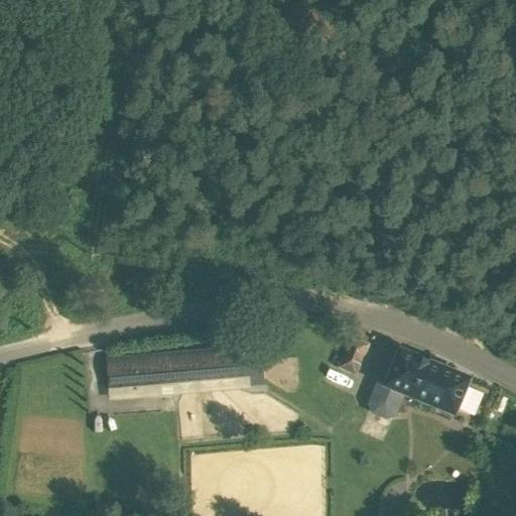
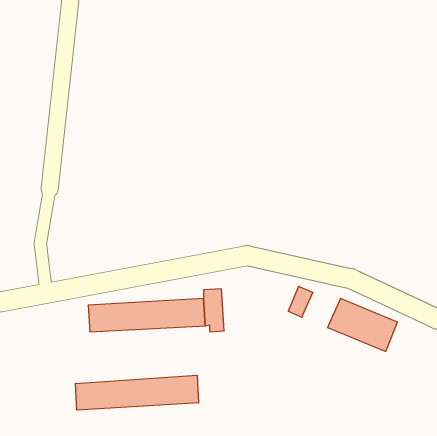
building: [371,370,403,417] -> none
building: none -> [75,375,199,410]

